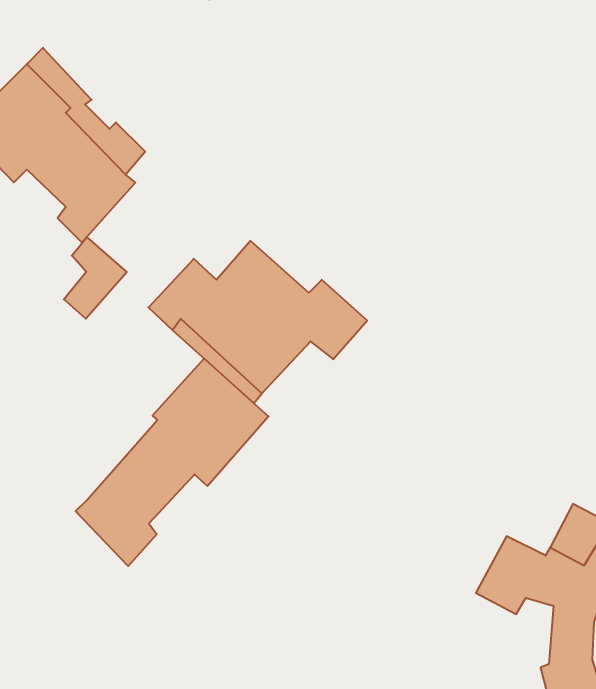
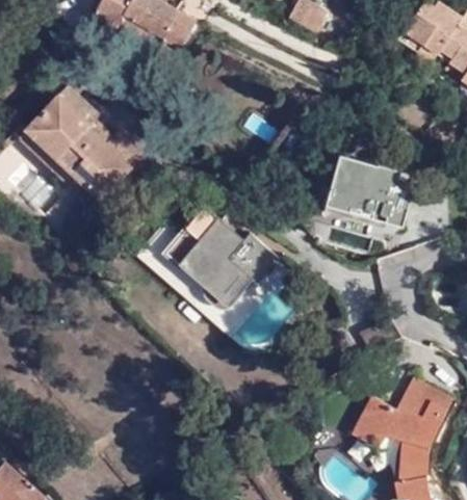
building: none -> [327,157,416,229]
building: [64,237,127,319] -> none
building: [76,358,269,566] -> none

